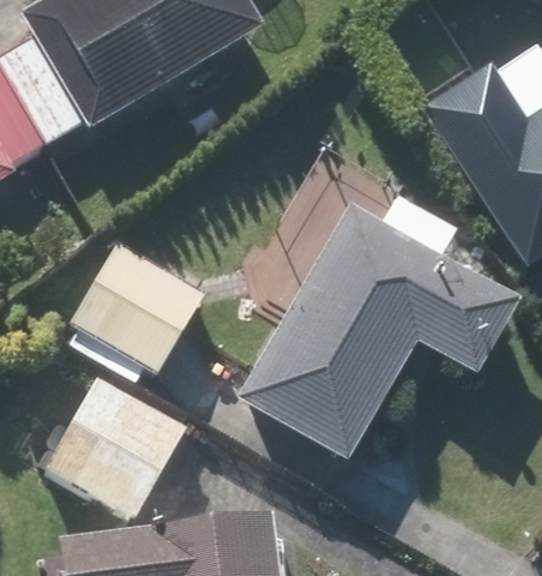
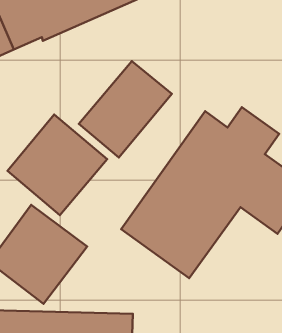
building: none -> [79,61,172,157]

